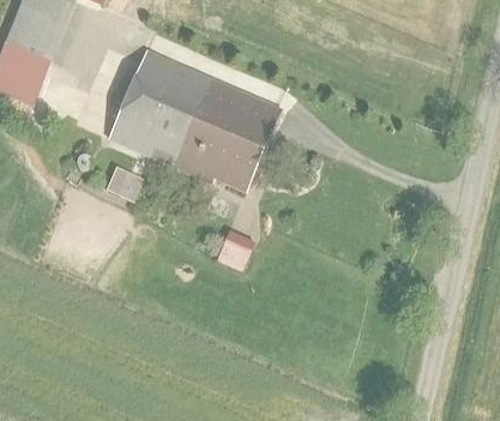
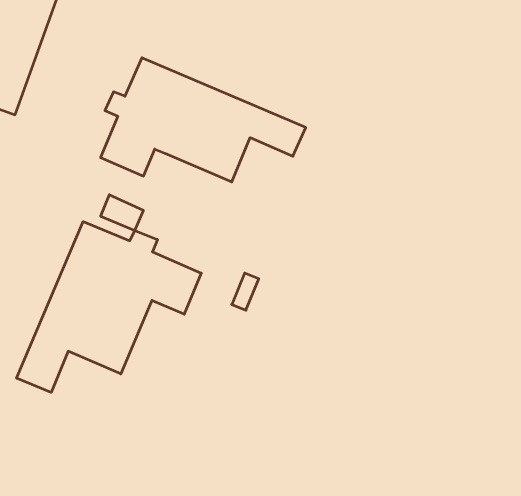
building: [152,118,271,187] -> none
building: none -> [17,222,201,392]

